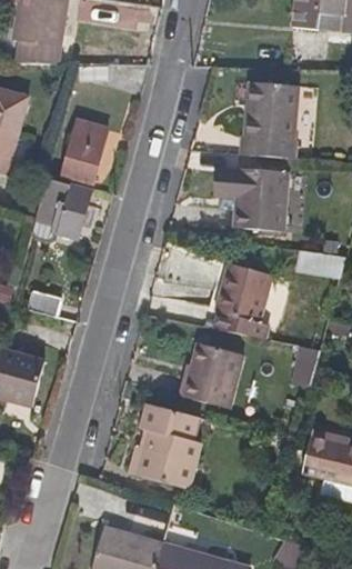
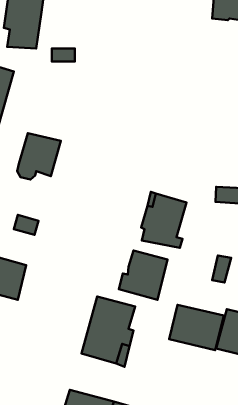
building: [242,83,298,159] -> none
building: [58,113,109,180] -> none
building: [219,169,288,231] -> none
building: none -> [169,305,224,350]

